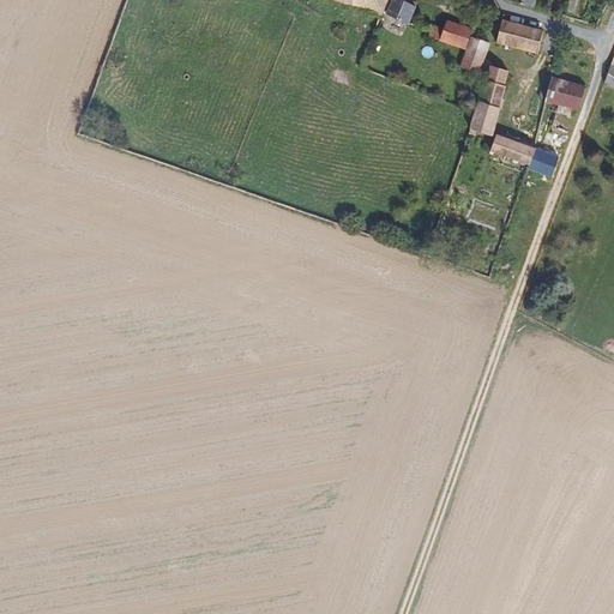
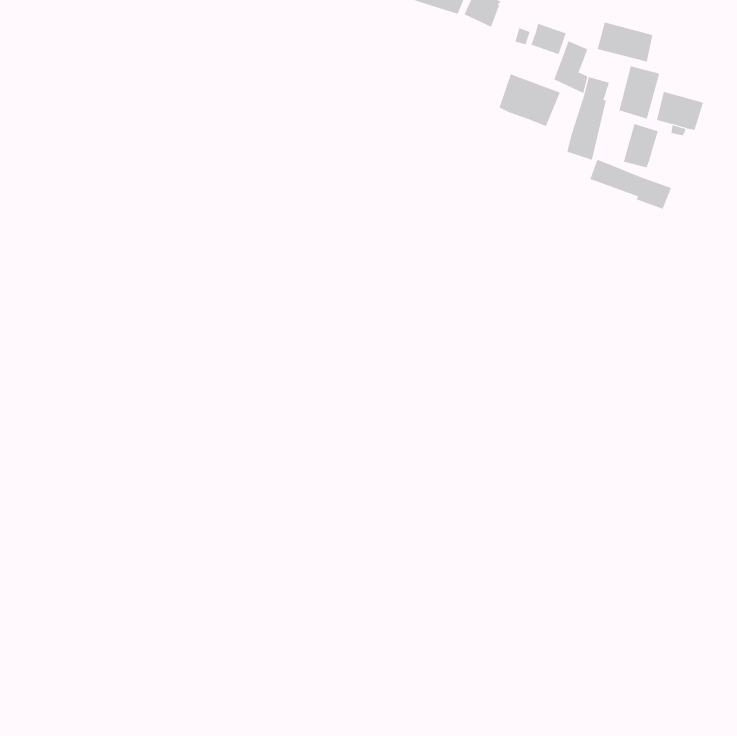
building: none -> [619,66,660,120]
building: none -> [499,74,560,127]
building: none -> [623,123,658,168]

